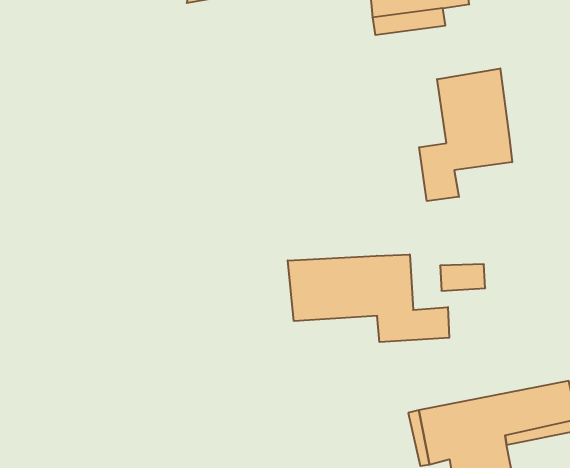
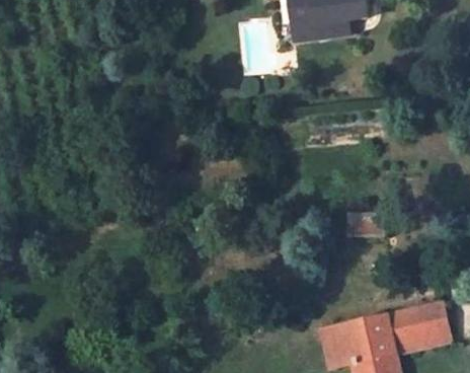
building: [419,68,512,201] -> none
building: [288,254,449,342] -> none

